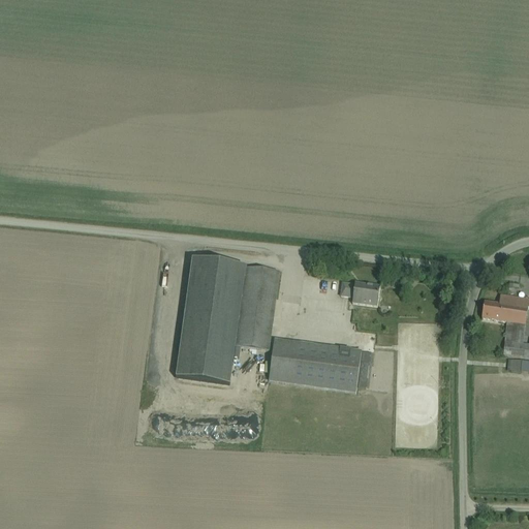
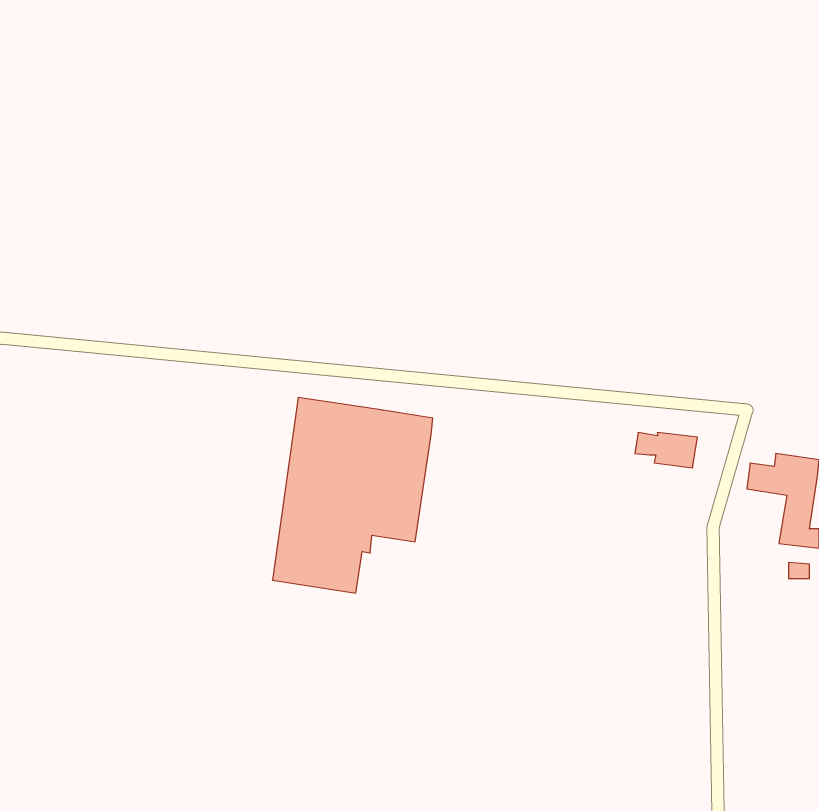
building: [340,280,380,303] -> [635,433,697,468]
building: [269,337,371,390] -> none

